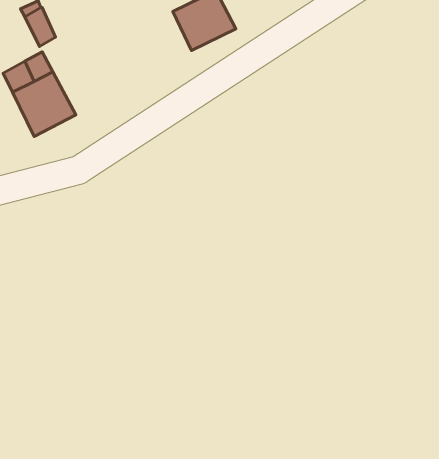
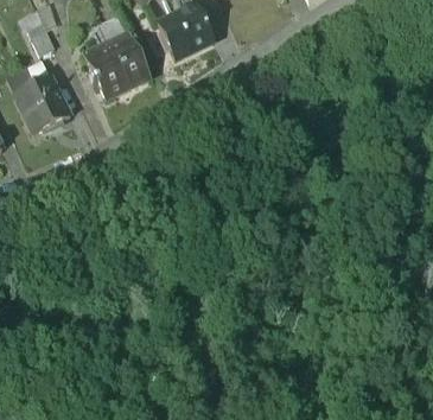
building: none -> [85,38,149,97]

